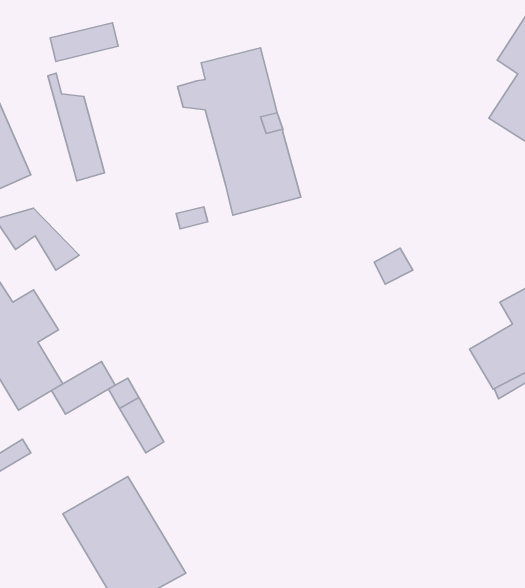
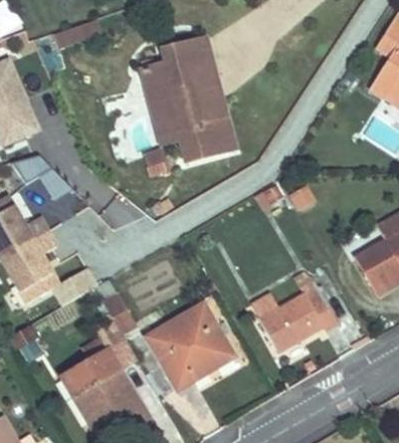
building: [48,73,104,181] -> [139,66,180,145]
building: none -> [258,279,338,351]
building: none -> [146,302,233,389]

